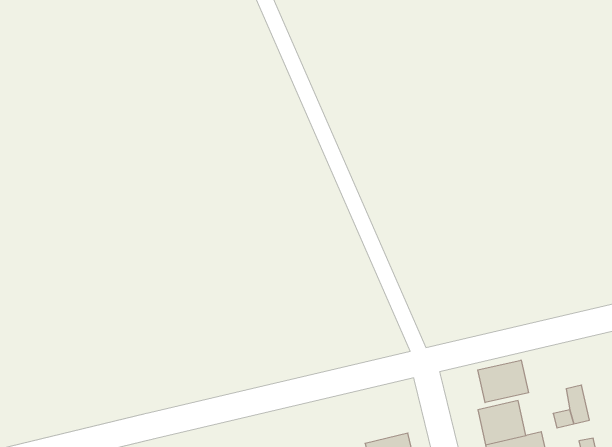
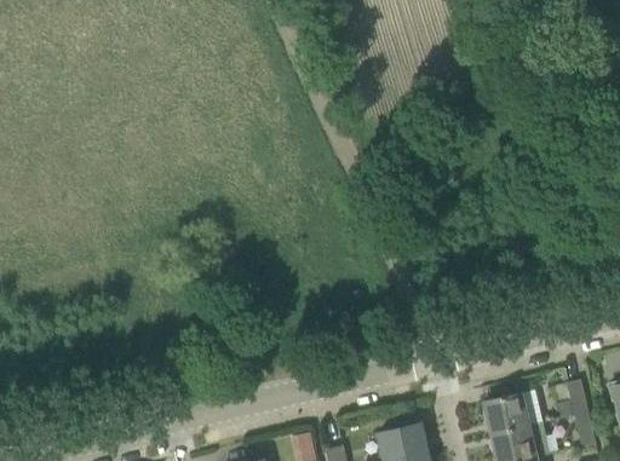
building: [478,360,528,403] -> none

